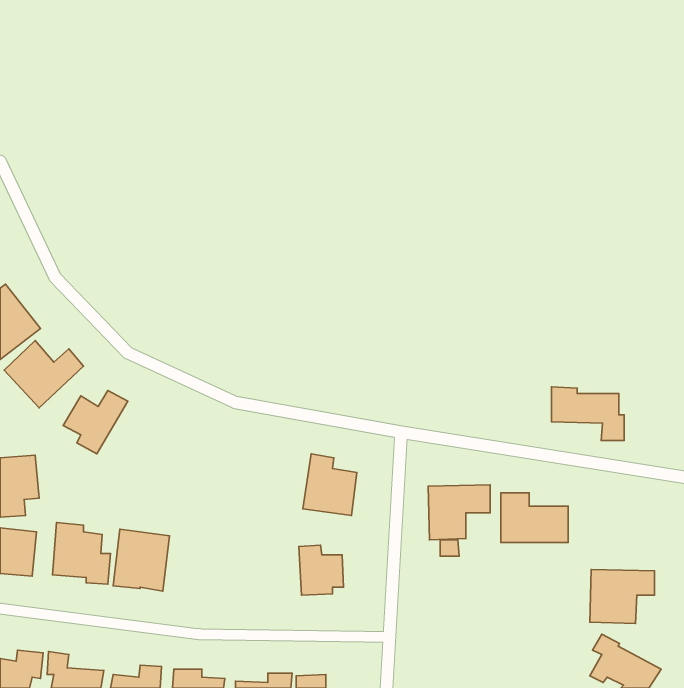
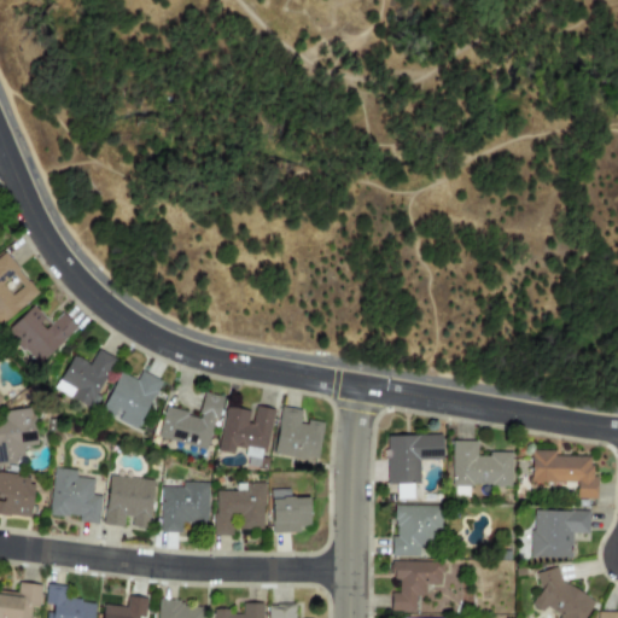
building: [551,387,624,441] -> [532,450,597,499]
building: none -> [101,372,162,430]
building: none -> [159,392,223,450]
building: none -> [220,406,274,457]
building: none -> [162,483,210,534]
building: none -> [216,483,266,536]
building: none -> [392,506,442,556]
building: none -> [392,561,444,612]

